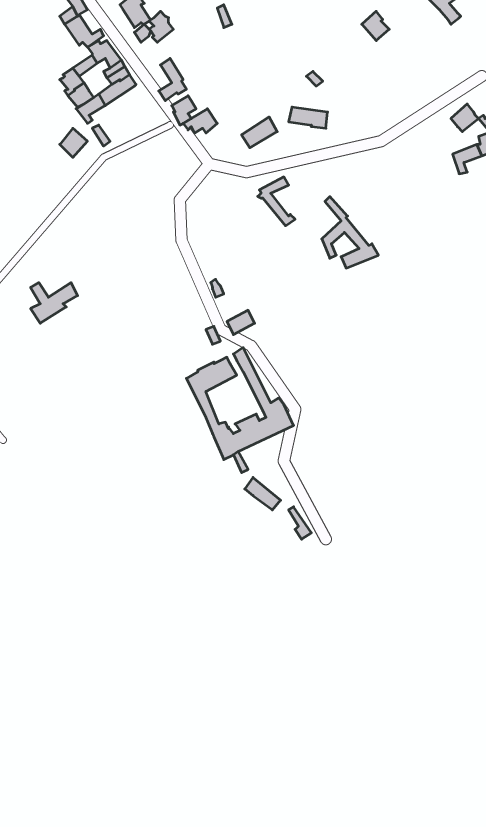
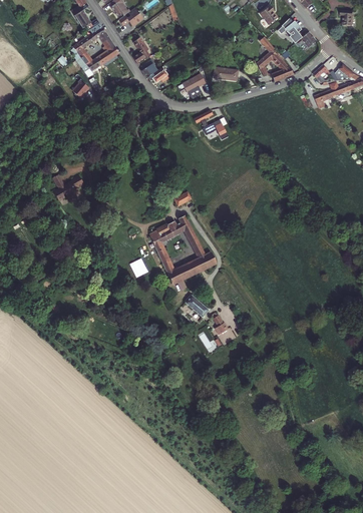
building: none -> [278,20,317,51]
building: [322,197,378,268] -> [259,37,294,81]

